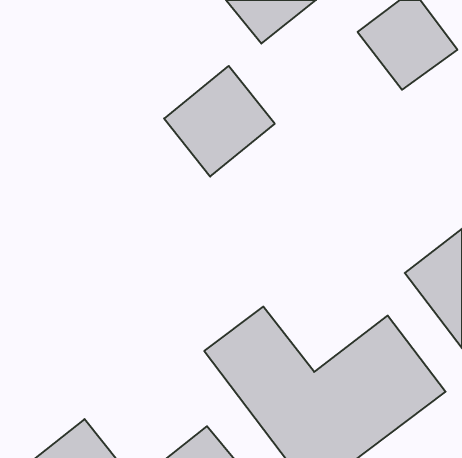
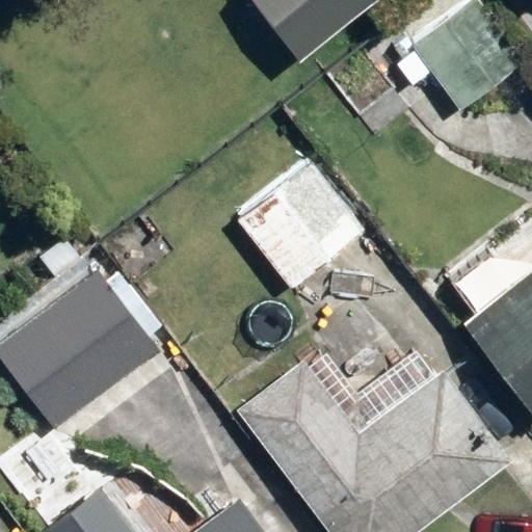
building: [164,66,275,177] -> [236,161,363,288]
building: none -> [38,276,175,413]

